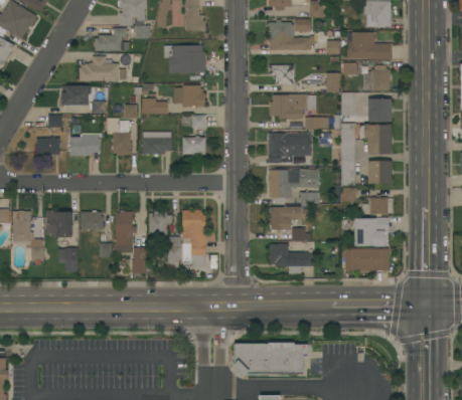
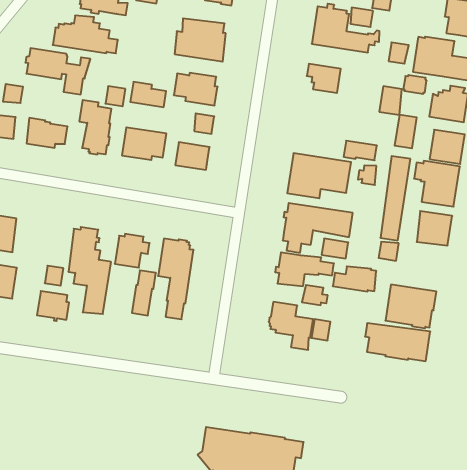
building: [270,94,316,120] -> none
building: [361,197,393,214] -> [333,266,376,291]
building: [81,211,103,231] -> [37,291,69,321]

